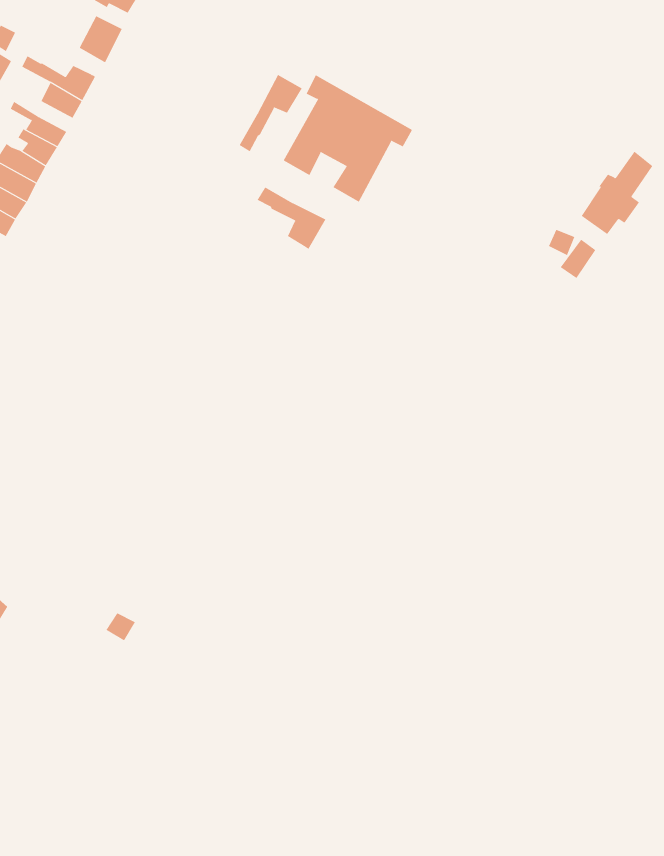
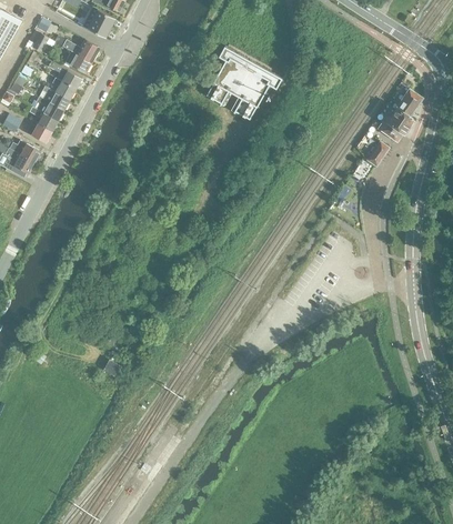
building: [239,74,302,152] -> none
building: [257,186,326,250] -> none

